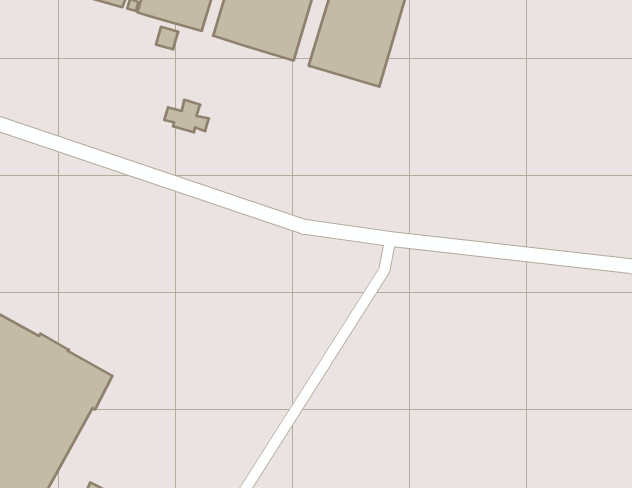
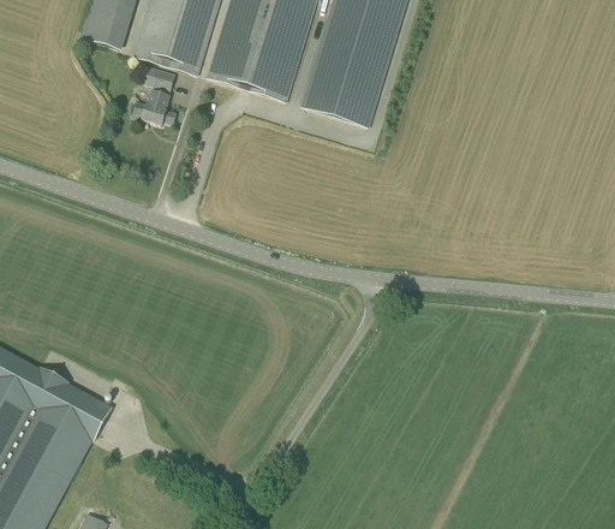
building: [164,100,209,132] -> [133,94,177,125]

